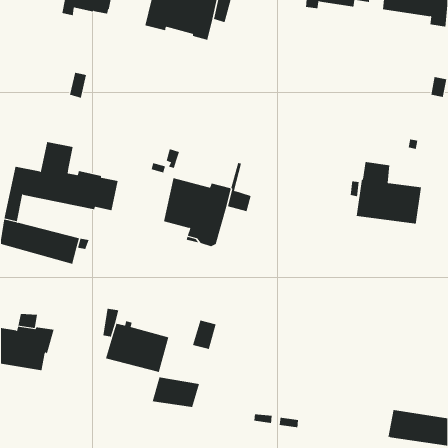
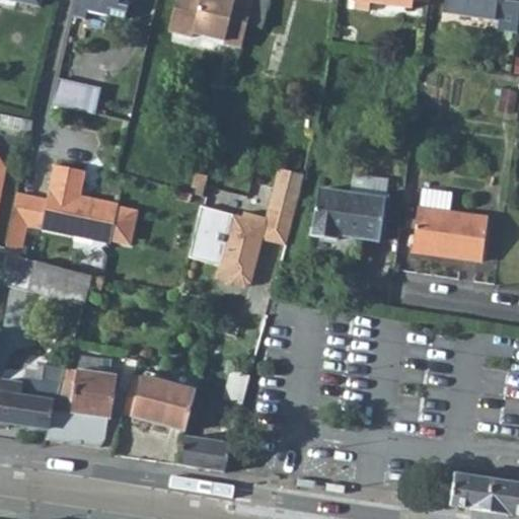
building: none -> [52,77,86,109]
building: none -> [272,167,304,226]
building: none -> [310,188,385,240]
building: none -> [48,355,117,445]

